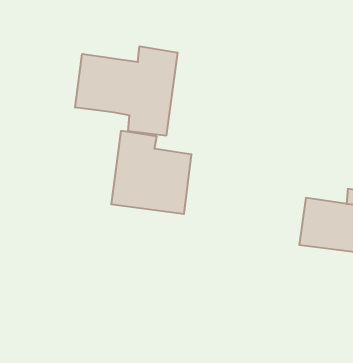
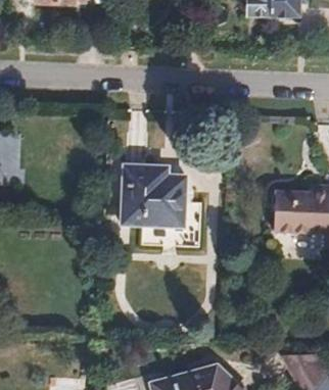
building: [75,46,177,136] -> none

